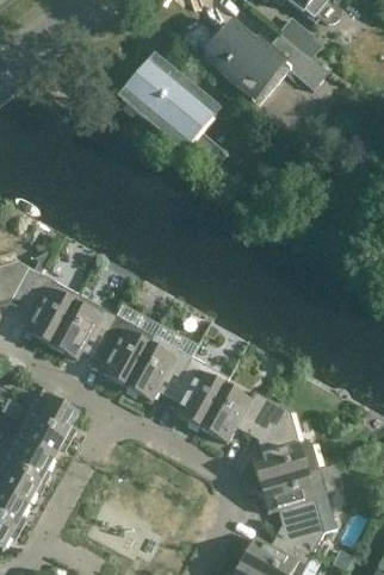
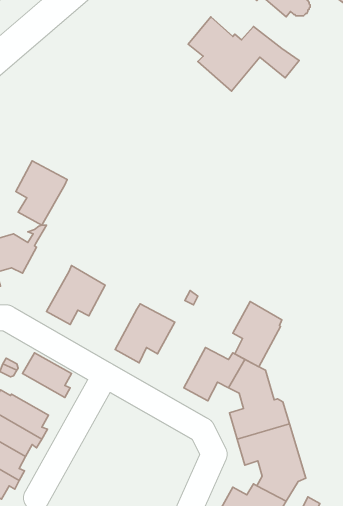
building: [275,15,320,57] -> none
building: [123,60,215,149] -> none
building: [23,274,79,344] -> [16,161,67,225]
building: [98,315,154,386] -> none
building: [173,356,227,427] -> [233,301,282,367]
building: [13,412,72,457] -> none

